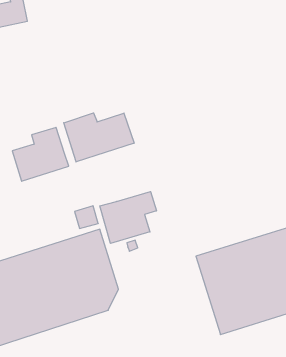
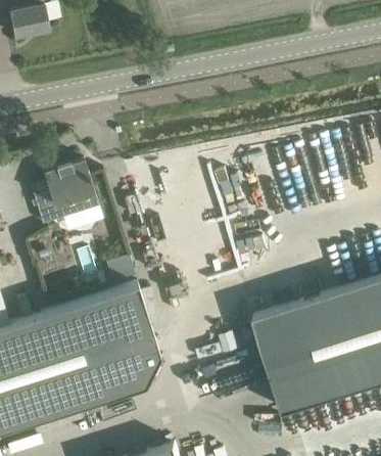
building: [64,113,134,162] -> none
building: [100,192,156,243] -> none

